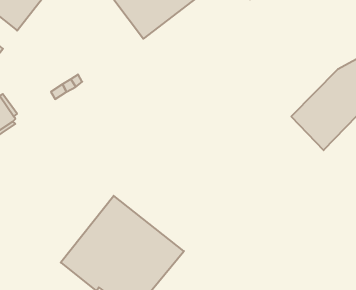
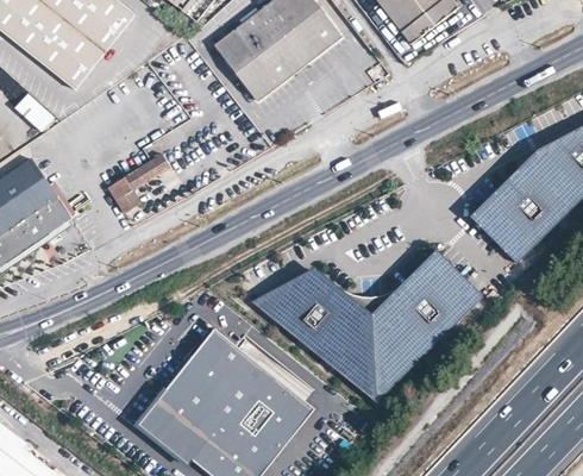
building: none -> [108,178,139,213]
building: none -> [247,248,483,401]

